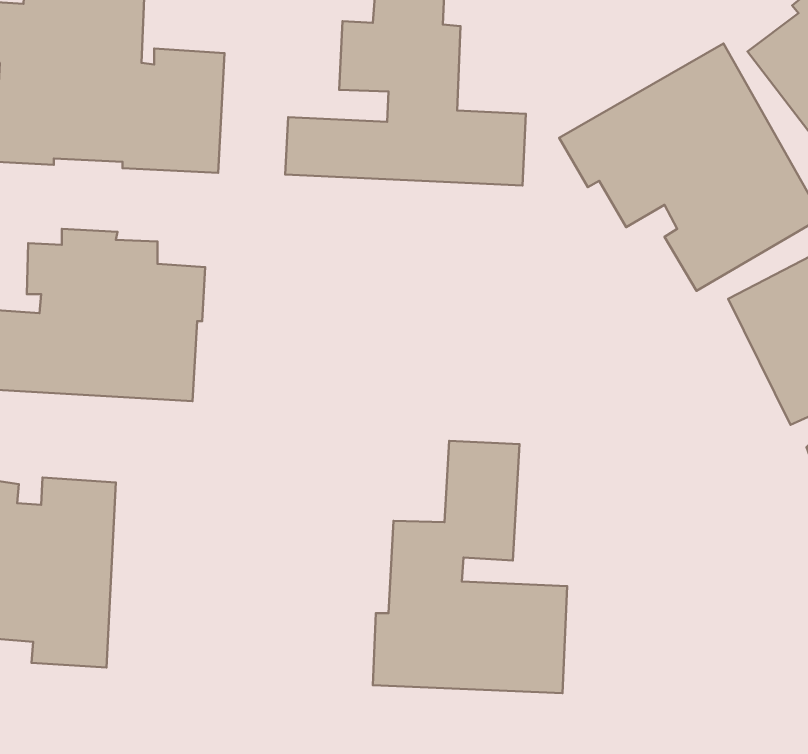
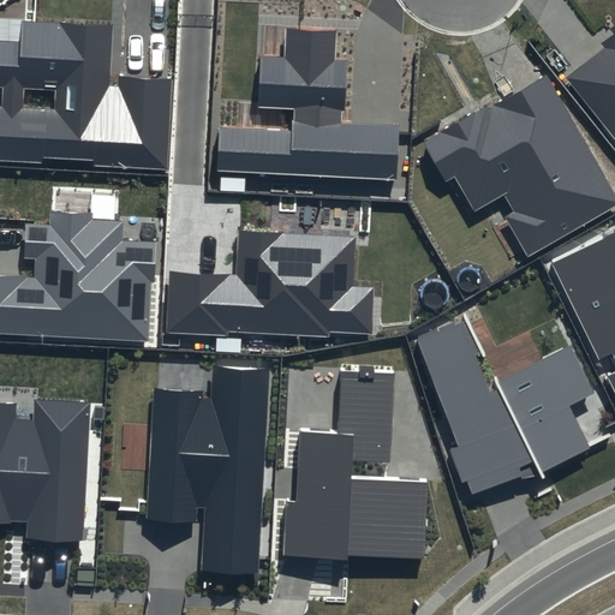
building: none -> [167,232,374,336]
building: none -> [416,320,593,494]
building: none -> [148,364,270,573]

